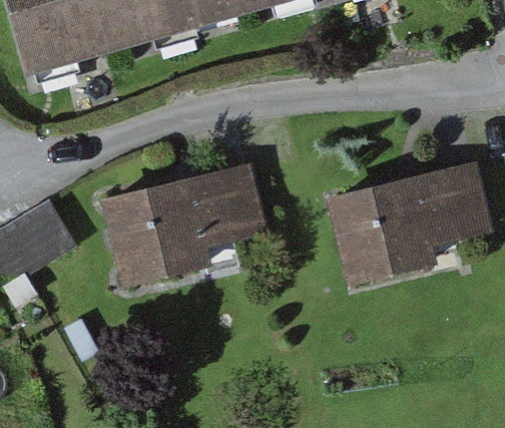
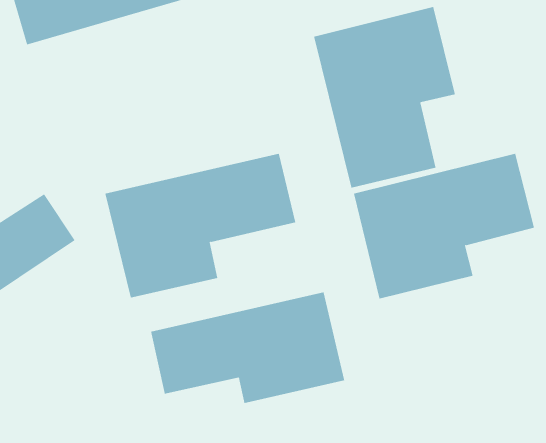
building: none -> [313,6,455,189]
building: none -> [151,291,345,404]

